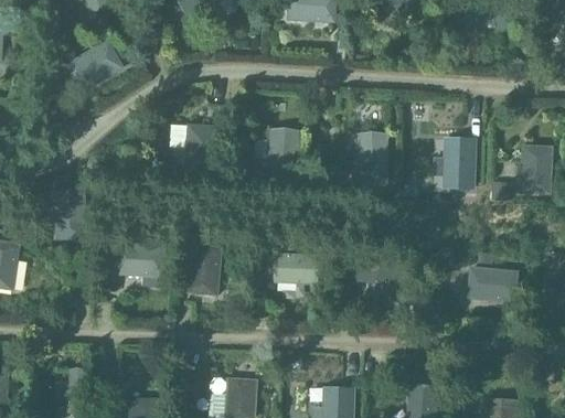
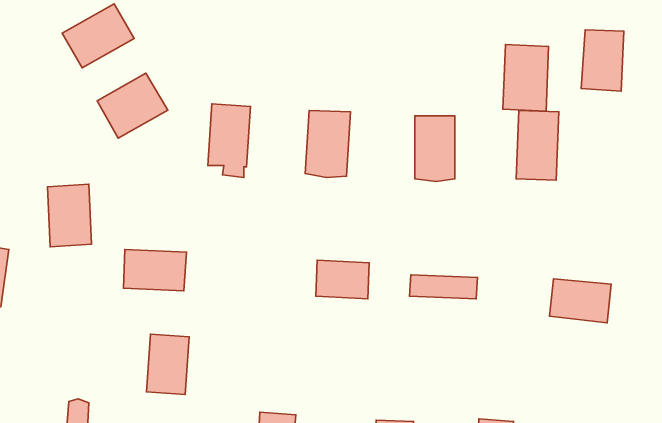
building: none -> [503,45,549,111]
building: none -> [97,73,168,138]
building: [518,143,553,194] -> [581,30,624,91]
building: [184,245,220,294] -> [146,334,189,394]

